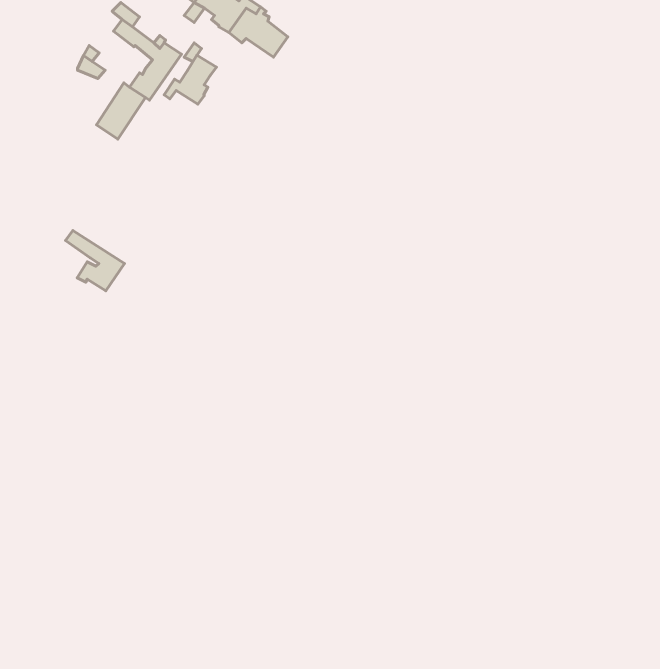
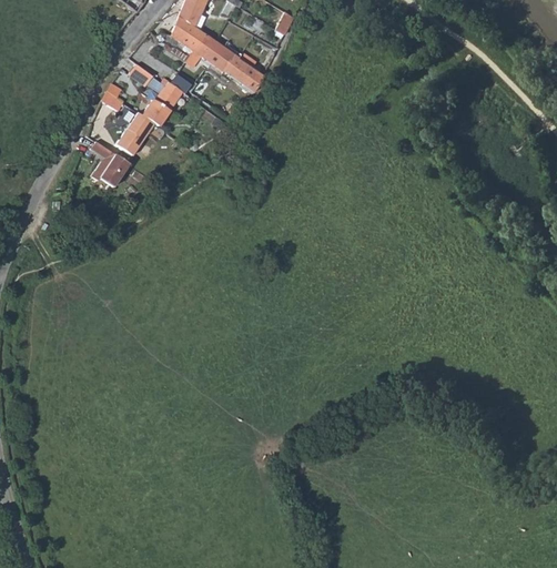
building: [164,55,216,104] -> none
building: [66,230,125,291] -> [84,138,130,184]

